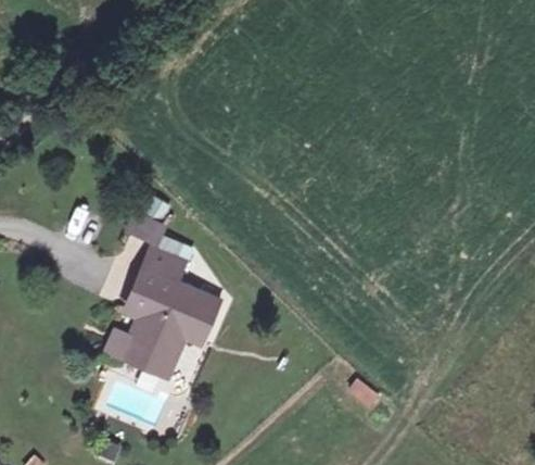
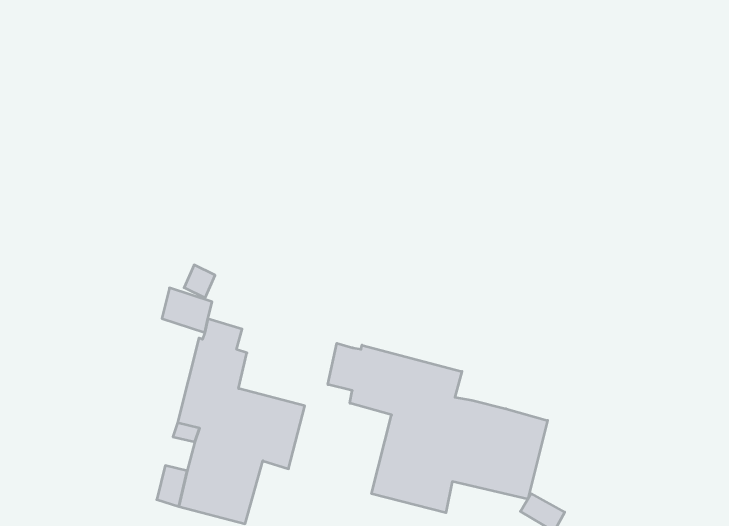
building: none -> [328,343,548,513]

